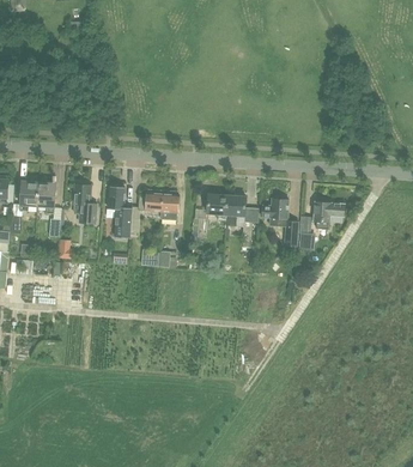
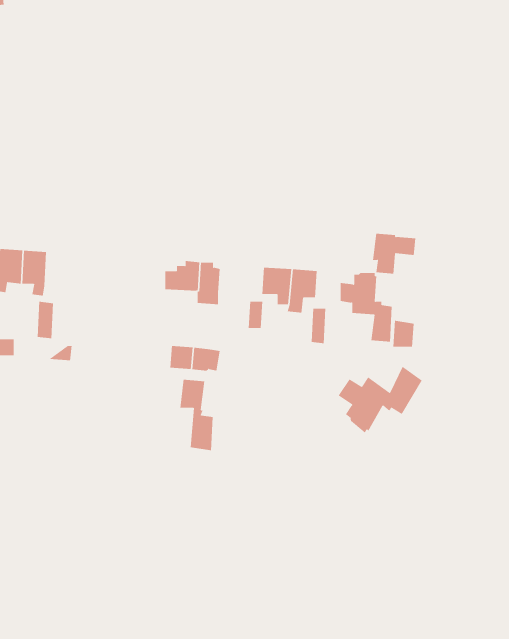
building: [73,181,96,222] -> none
building: [107,184,130,235] -> [180,379,214,451]
building: [312,199,344,228] -> [372,233,416,274]
building: none -> [338,366,423,433]

